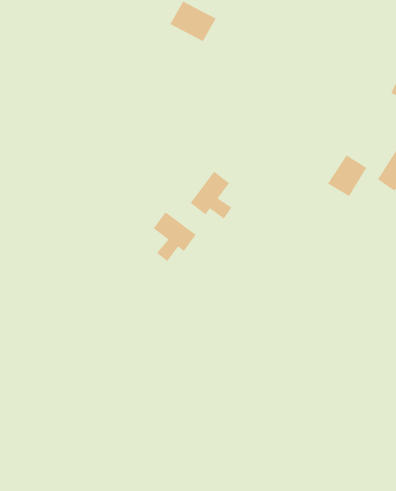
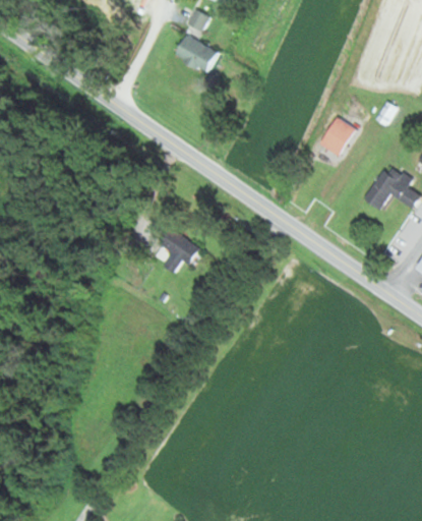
building: [327,154,367,197] -> [319,116,356,155]
building: [190,171,232,219] -> none

